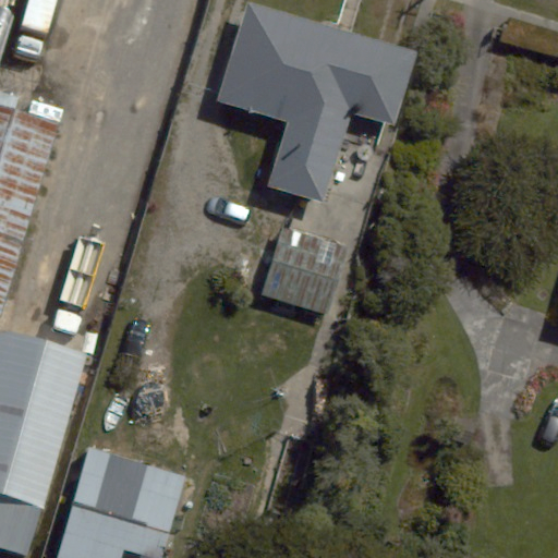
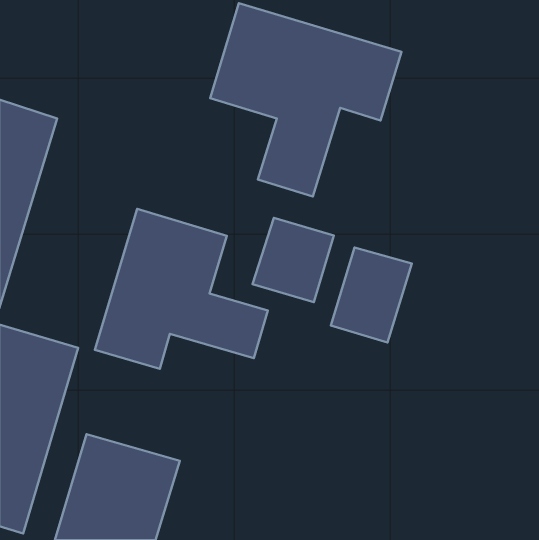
building: none -> [95,209,268,369]
building: none -> [331,248,412,343]

